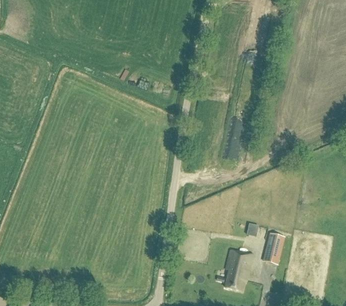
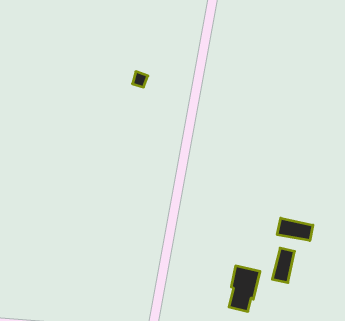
building: none -> [277,218,313,241]

